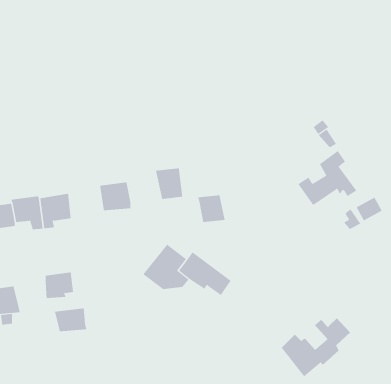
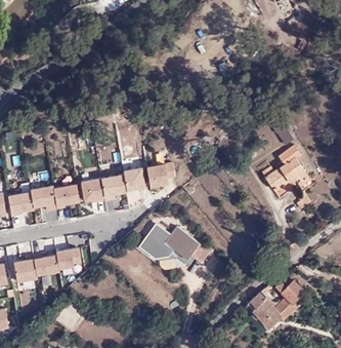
building: none -> [81,178,104,201]
building: [197,195,225,223] -> [123,167,145,190]
building: [54,308,87,332] -> [33,255,59,274]

